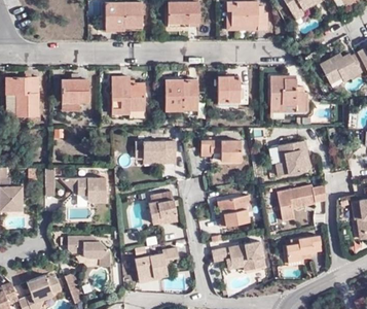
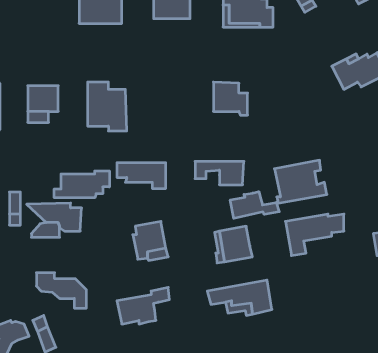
building: [269,76,307,112] -> none
building: [163,79,195,109] -> none
building: none -> [54,171,109,198]
building: none -> [230,192,279,218]
building: [287,238,323,264] -> none

